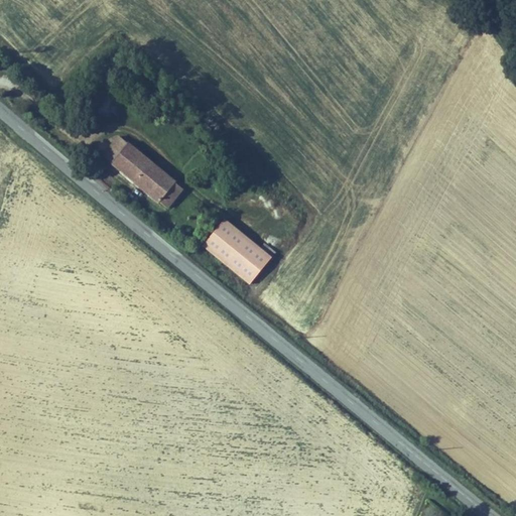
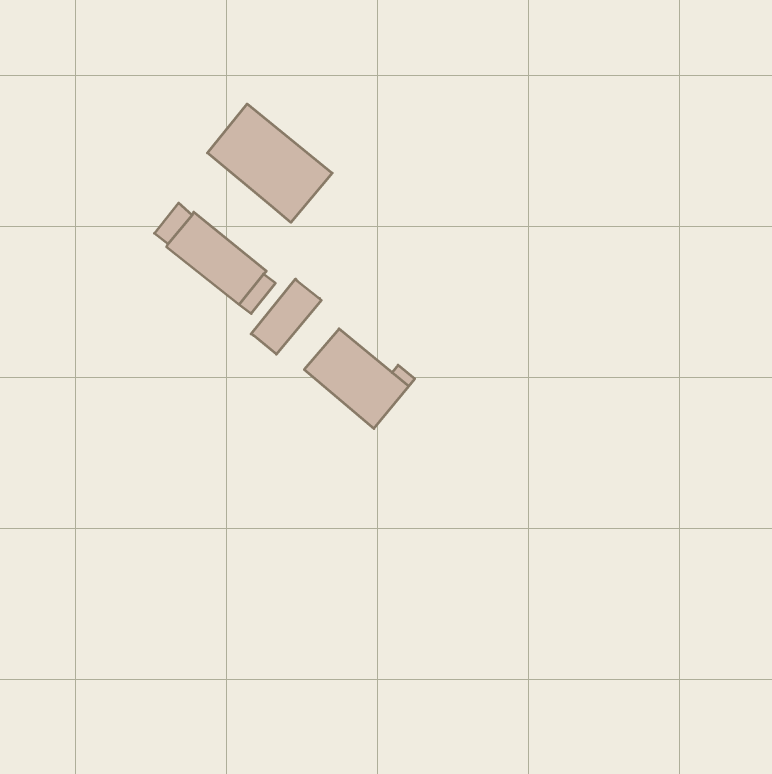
building: none -> [207,104,332,222]
building: none -> [251,279,321,354]

